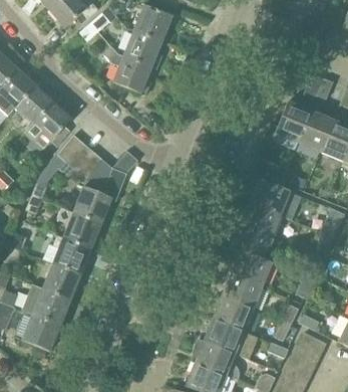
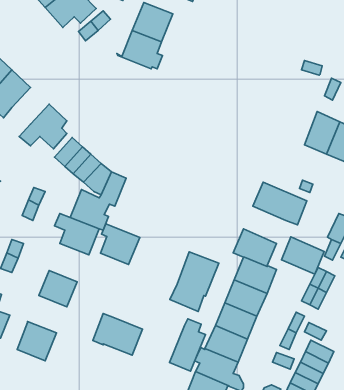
building: [104,47,151,93] -> none
building: [17,86,53,122] -> none
building: [277,101,312,142] -> none
building: [241,201,282,237] -> [282,237,324,274]
building: [53,235,91,274] -> [101,224,140,264]
building: none -> [170,252,219,311]
building: [22,283,70,324] -> [93,314,143,355]
building: none -> [169,319,205,371]

